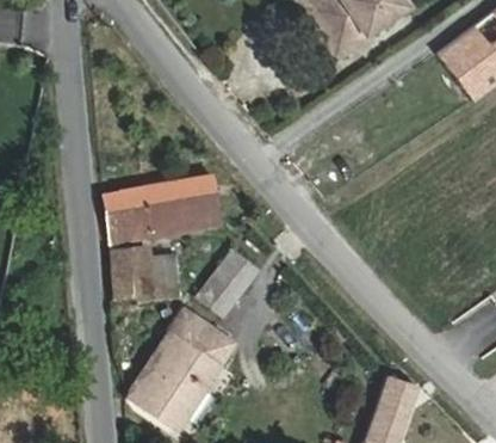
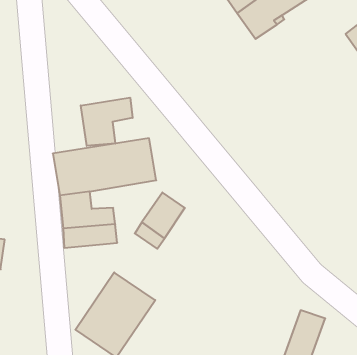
building: none -> [81,98,133,146]
building: [173,309,236,364] -> none

